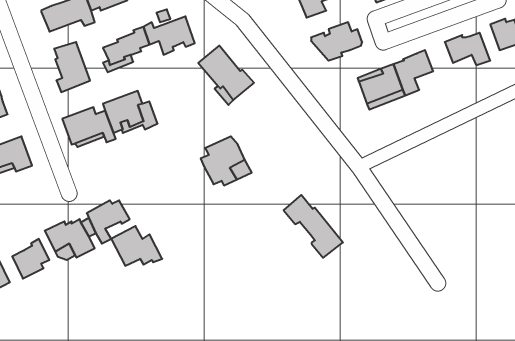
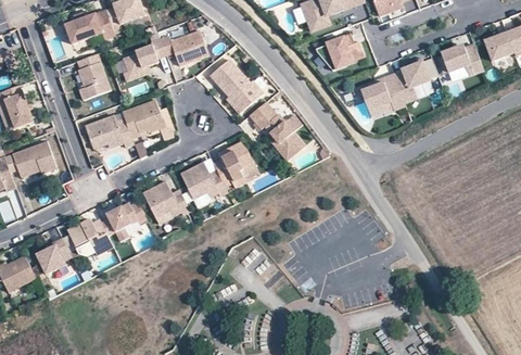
building: none -> [180,162,228,199]
building: [284,195,343,258] -> [249,101,304,160]
building: [111,226,162,266] -> [142,181,190,218]

